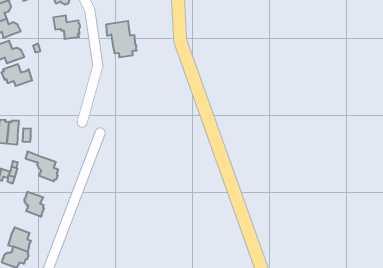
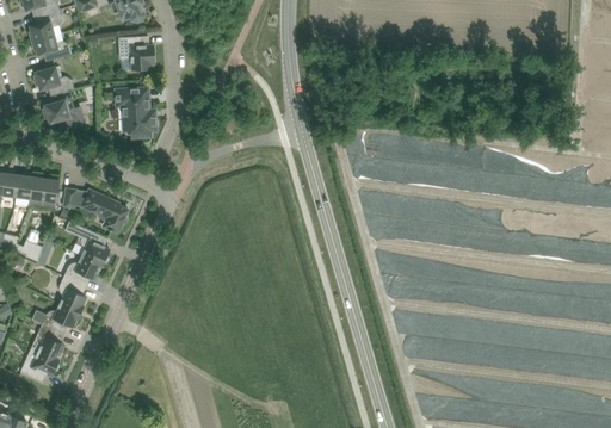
building: [106,21,137,57] -> [116,88,155,137]
building: none -> [81,190,128,232]
building: none -> [63,255,101,286]
building: none -> [31,303,79,334]

